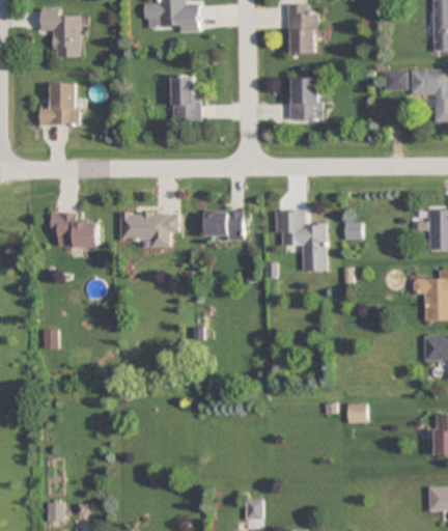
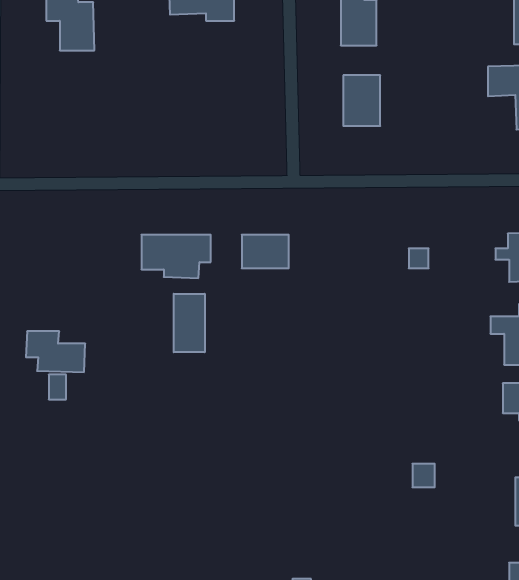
building: [385,71,407,90] -> none
building: [171,75,201,121] -> none
building: [39,82,80,125] -> none
building: [275,209,327,271] -> none
building: [50,212,100,246] -> [26,331,85,372]
building: none -> [174,294,205,352]

